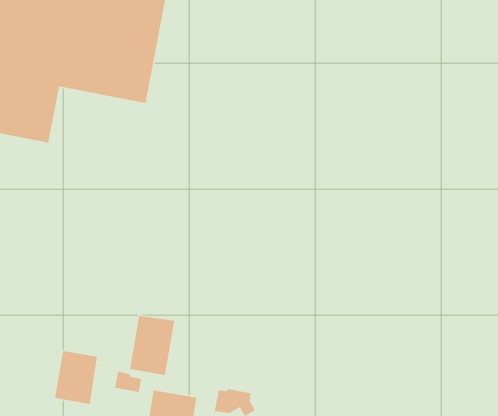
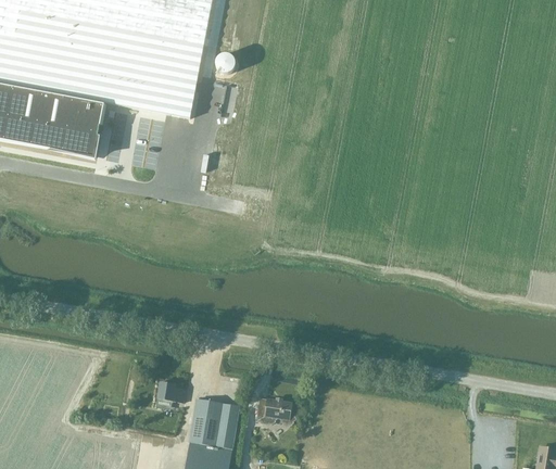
building: [129,315,175,376] -> none
building: [54,350,98,405] -> none

